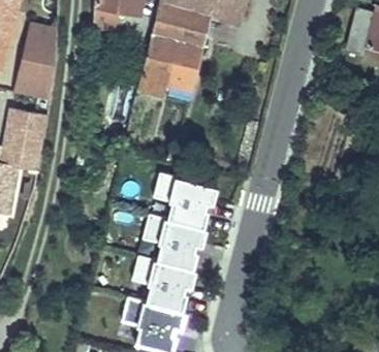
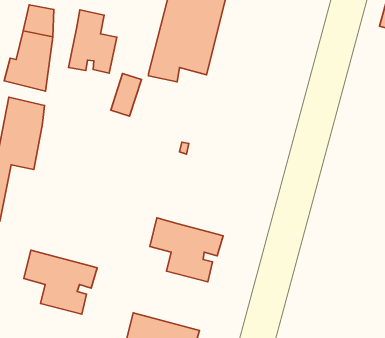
building: none -> [68,10,117,73]
building: [151,173,215,229] -> none
building: [131,256,195,312] -> [24,250,97,314]

